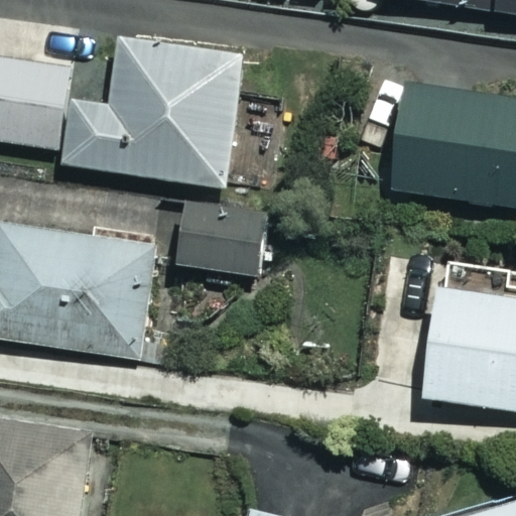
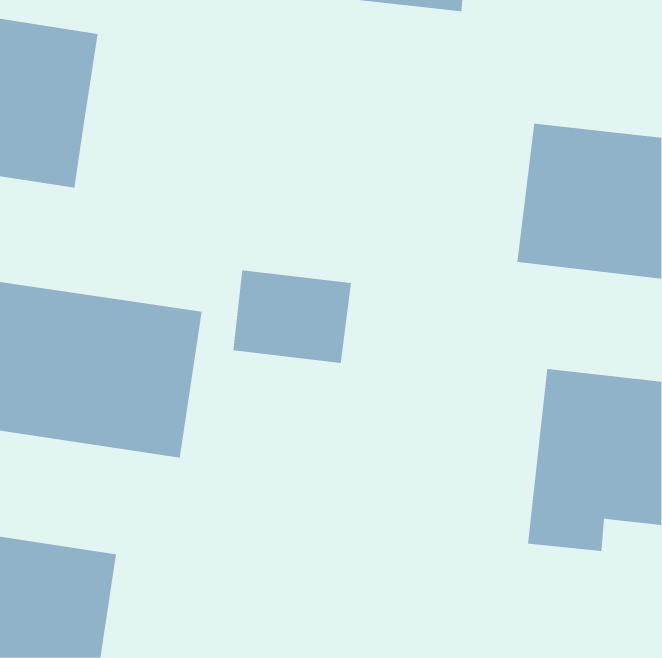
building: [56,34,243,185] -> none

